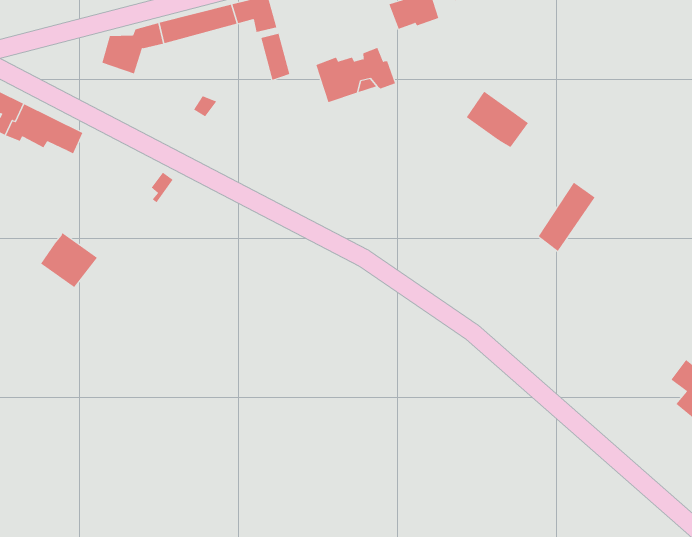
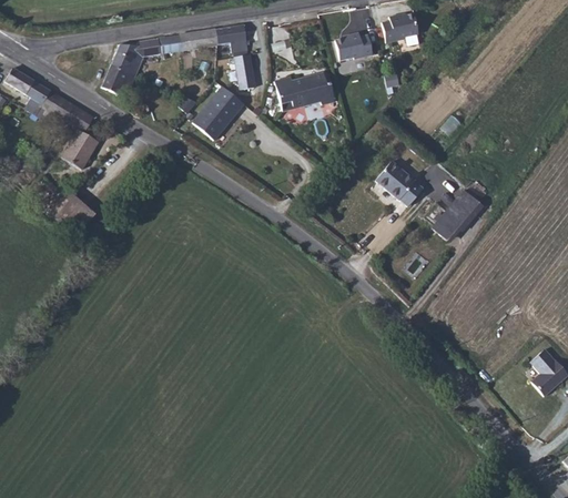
building: none -> [102,64,136,94]
building: none -> [193,85,244,140]
building: [466,91,529,148] -> [376,161,424,206]
building: none -> [61,129,100,170]

